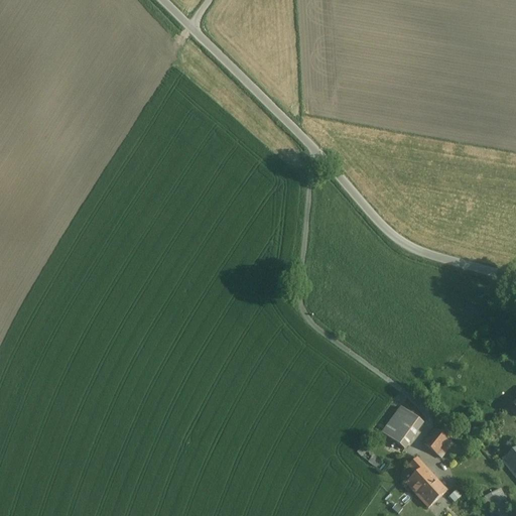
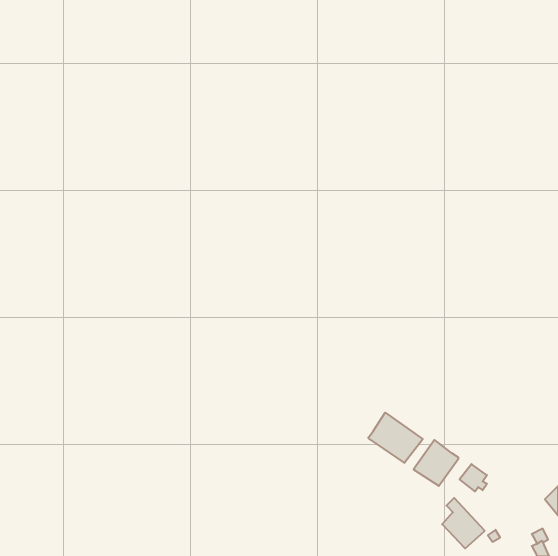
building: none -> [368,413,423,463]

